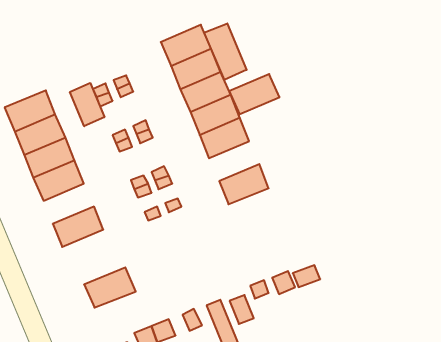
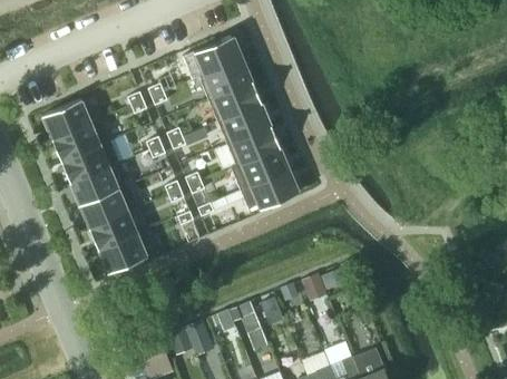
building: [204,23,247,80] -> none
building: [229,74,280,114] -> [241,148,290,187]
building: [70,83,104,126] -> none
building: none -> [80,190,129,229]
building: [84,267,136,308] -> [98,234,148,273]

